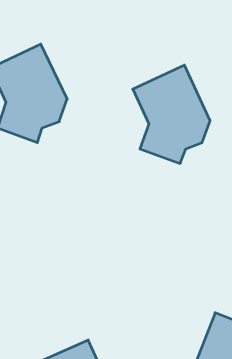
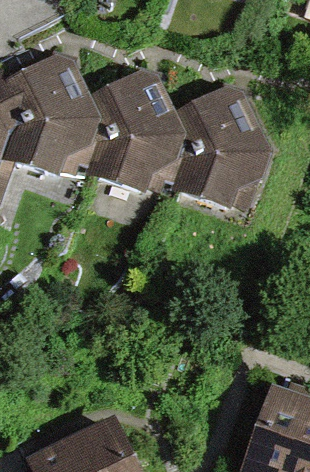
building: none -> [81,68,176,190]

